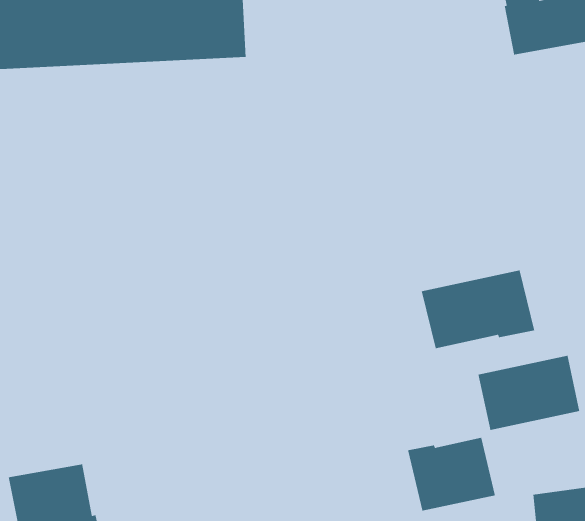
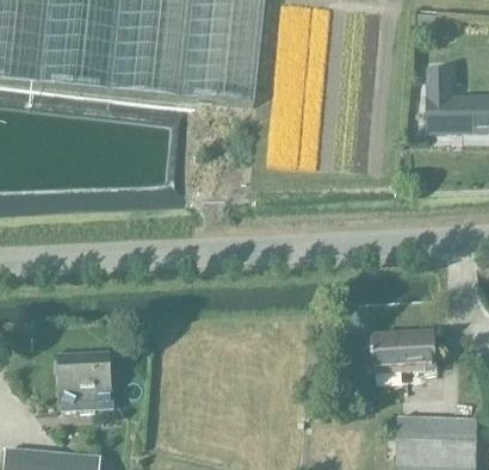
building: [421,270,535,349] -> none
building: [407,437,496,512] -> none

